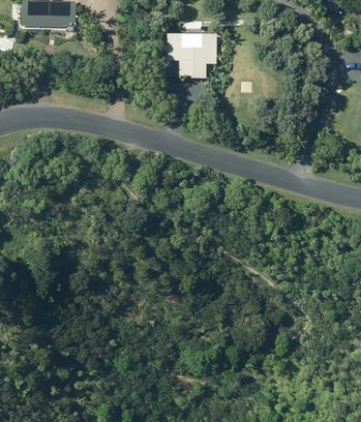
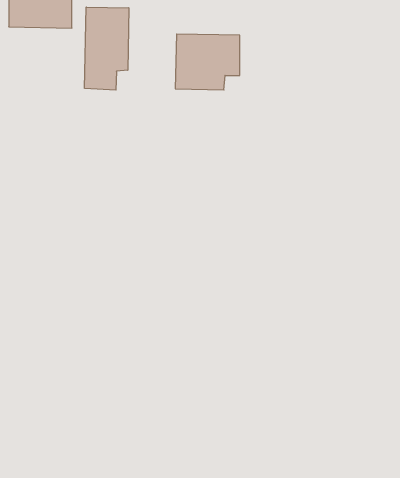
building: none -> [85,7,129,90]

